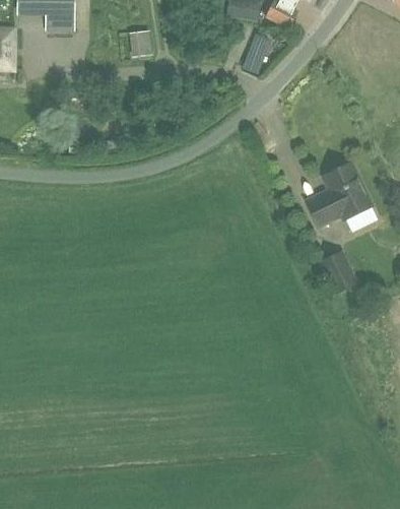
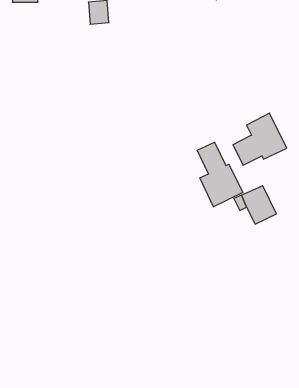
building: [242,35,269,72] -> none
building: none -> [197,142,243,207]

